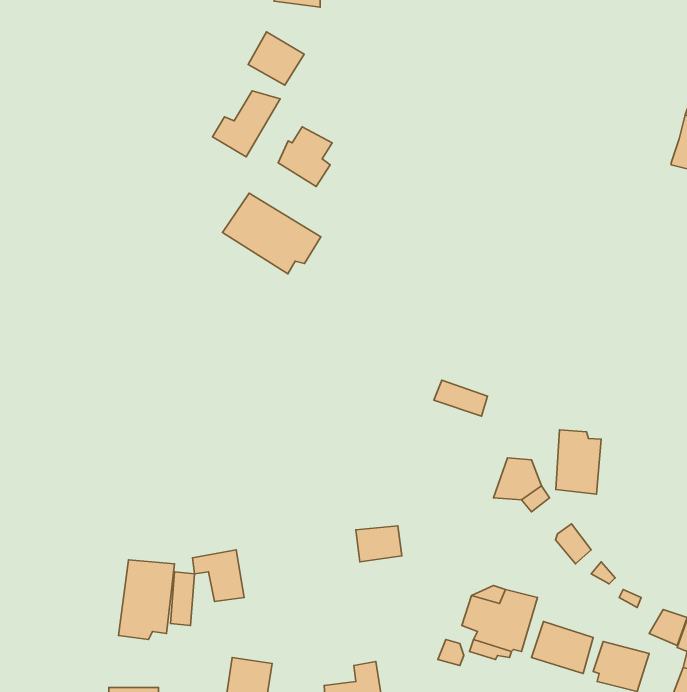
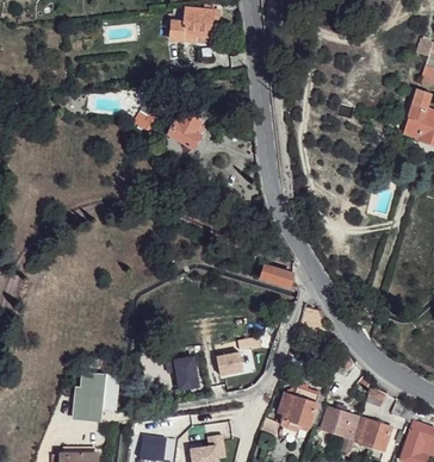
building: [248,32,304,85] -> none
building: [223,193,321,274] -> none
building: [556,430,601,494] -> none
building: [192,550,244,602] -> [167,356,198,387]

